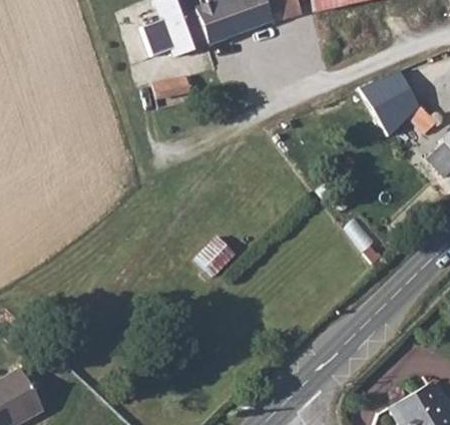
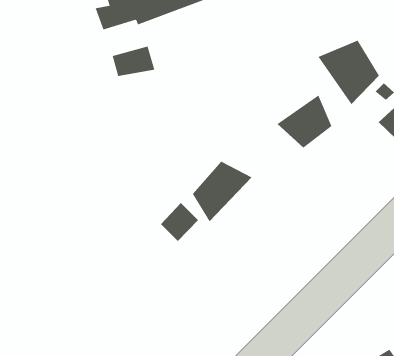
building: none -> [277,95,332,149]
building: none -> [192,161,253,222]

